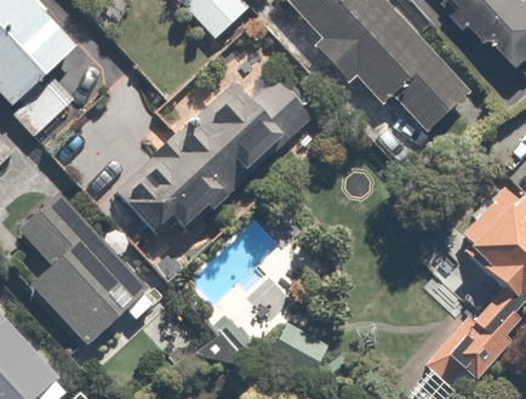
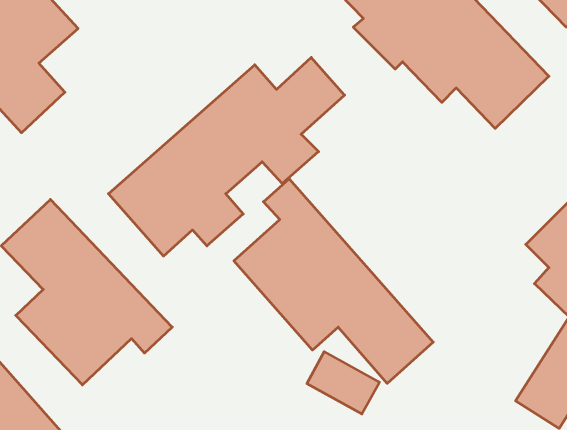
building: none -> [234,179,433,383]

